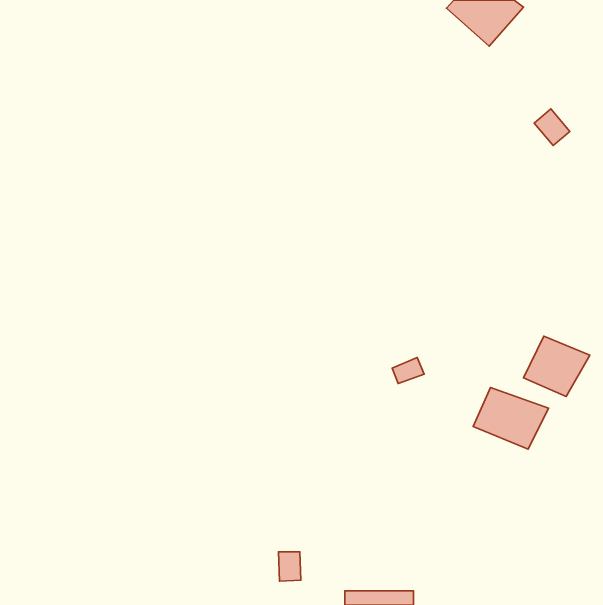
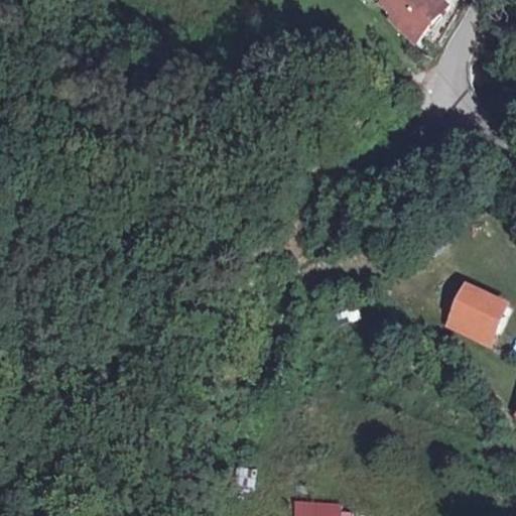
building: [473,387,548,449] -> none

